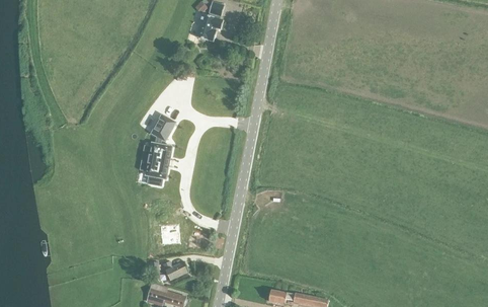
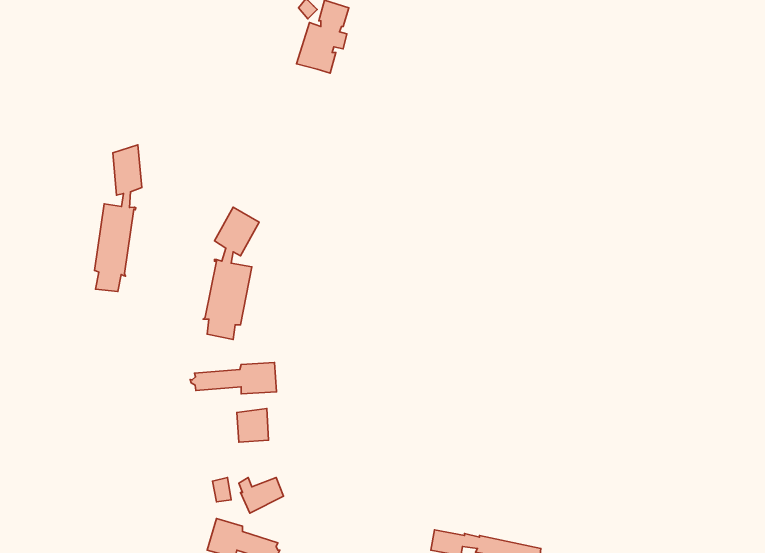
building: none -> [94,145,142,291]
building: none -> [190,362,277,394]

